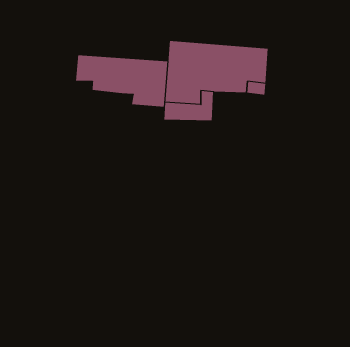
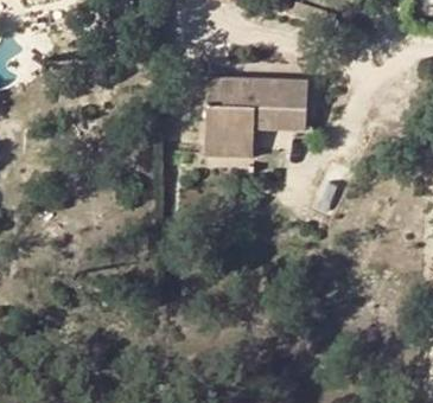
building: [76,55,168,108] -> none

